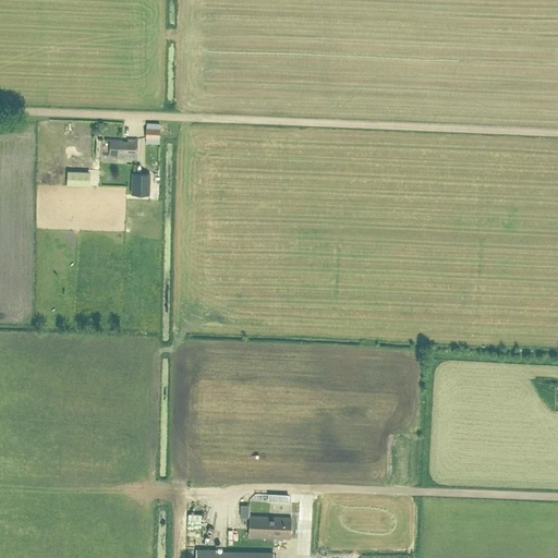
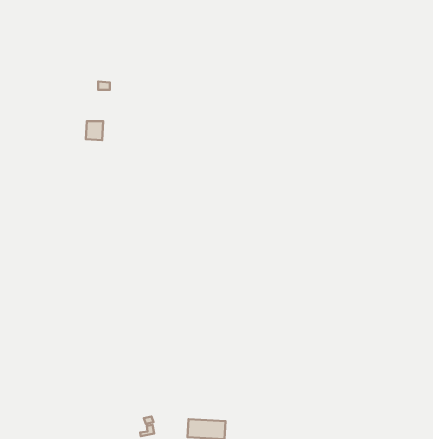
building: [108,140,136,160] -> none

